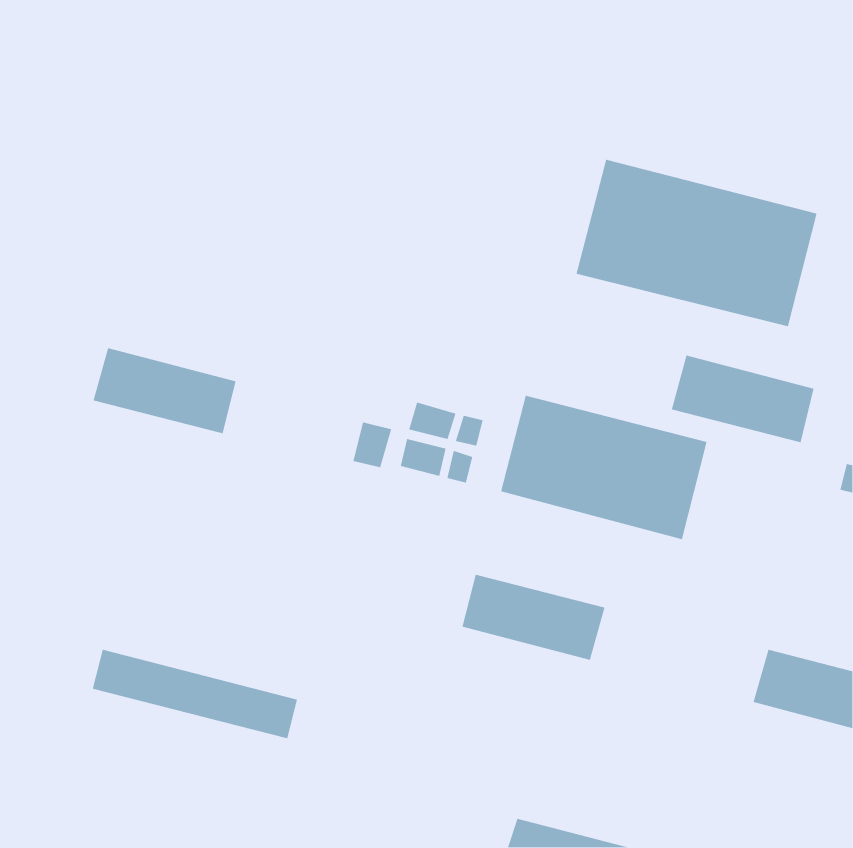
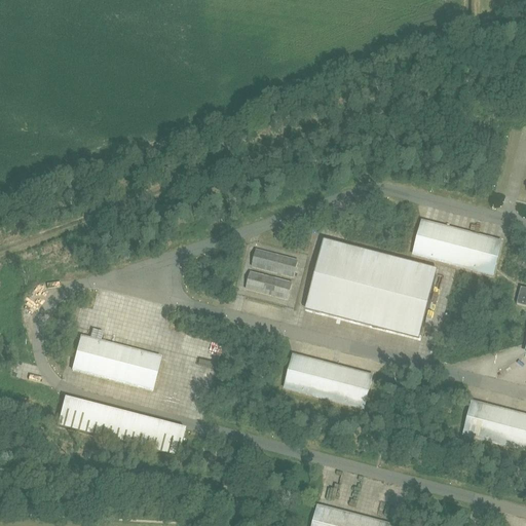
building: [576,159,817,327] -> none
building: [93,347,236,434] -> [71,334,159,387]
building: [352,421,392,468] -> none

